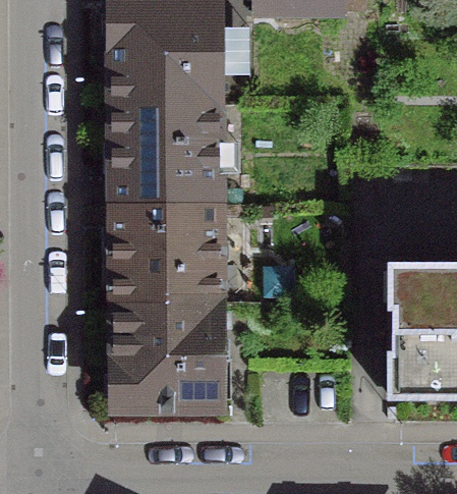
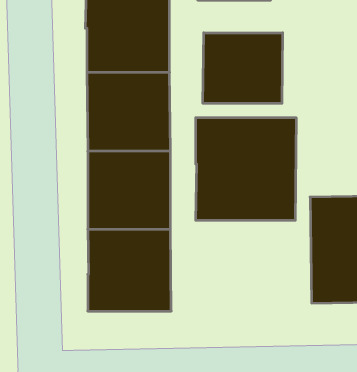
building: none -> [203,33,283,103]
building: none -> [196,118,296,220]

